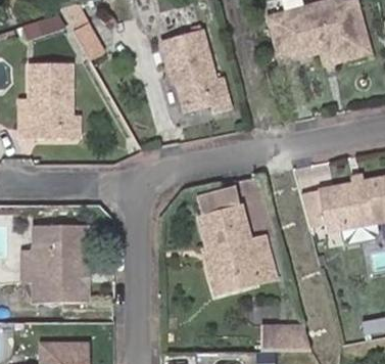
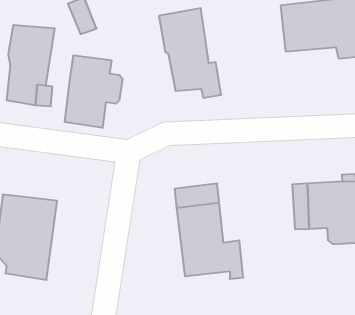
building: none -> [65,55,123,128]

